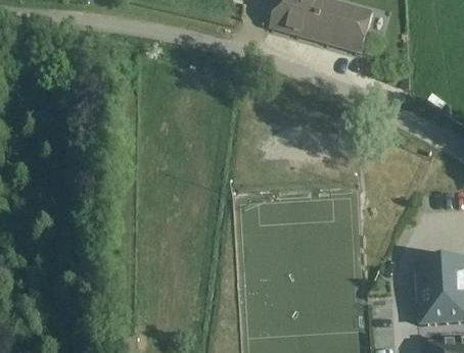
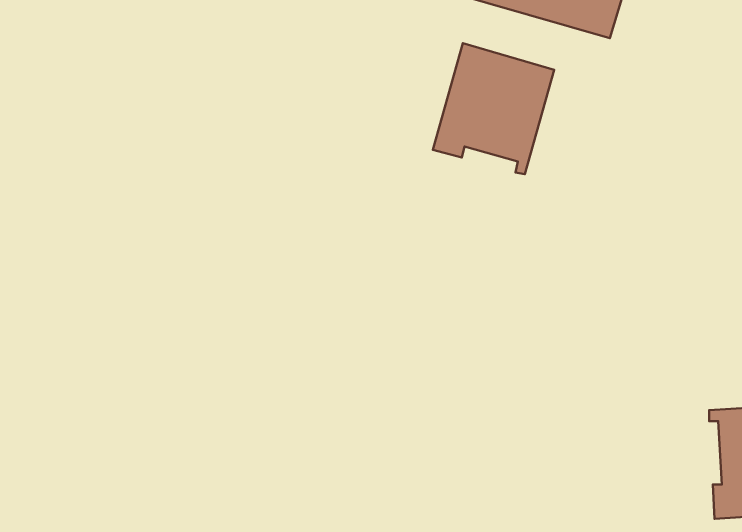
building: none -> [433,43,554,174]

